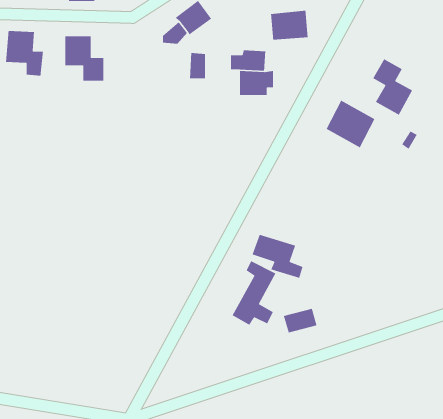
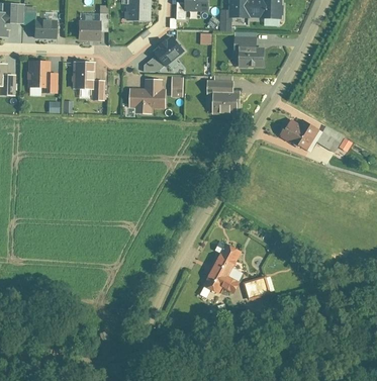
building: none -> [128,80,165,111]
building: [372,58,413,116] -> none
building: [252,234,304,279] -> none

